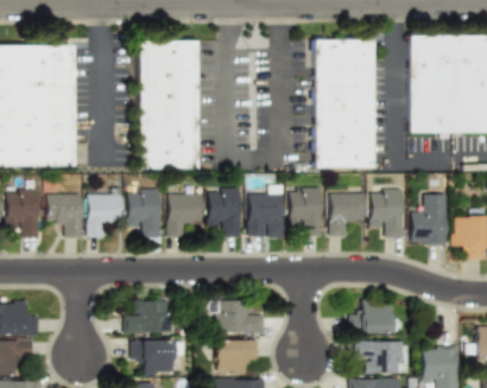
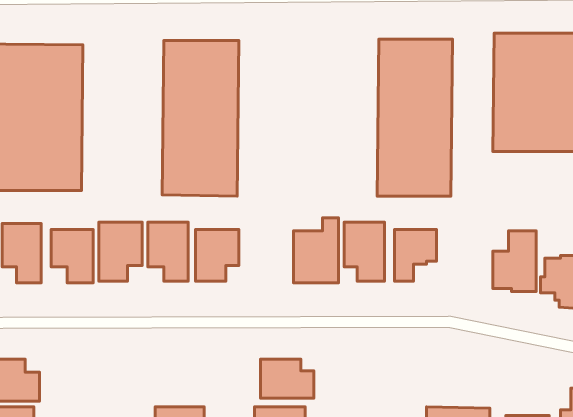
building: [208,189,241,237] -> none
building: [371,190,403,238] -> none
building: [352,300,396,335] -> none
building: [126,301,172,333] -> none

